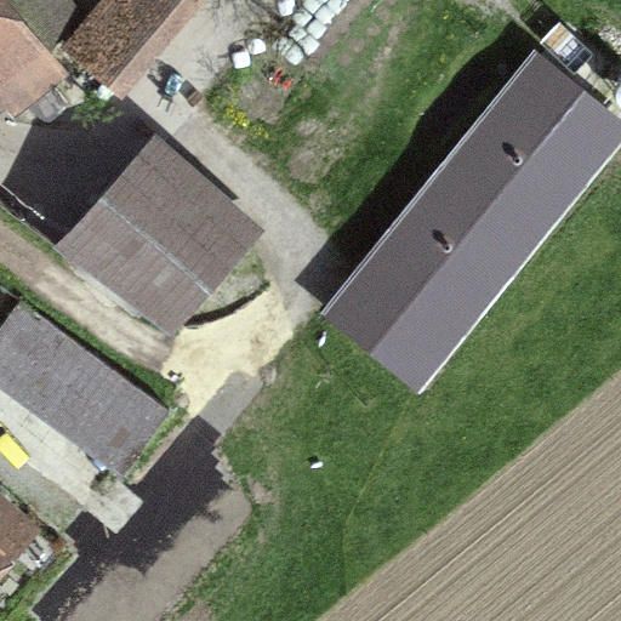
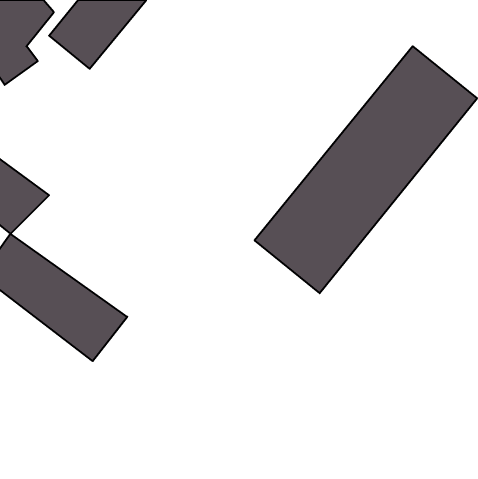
building: [70,155,237,314] -> none

